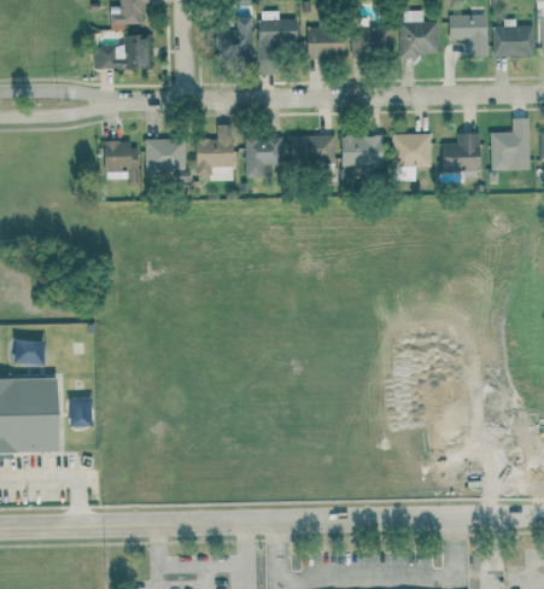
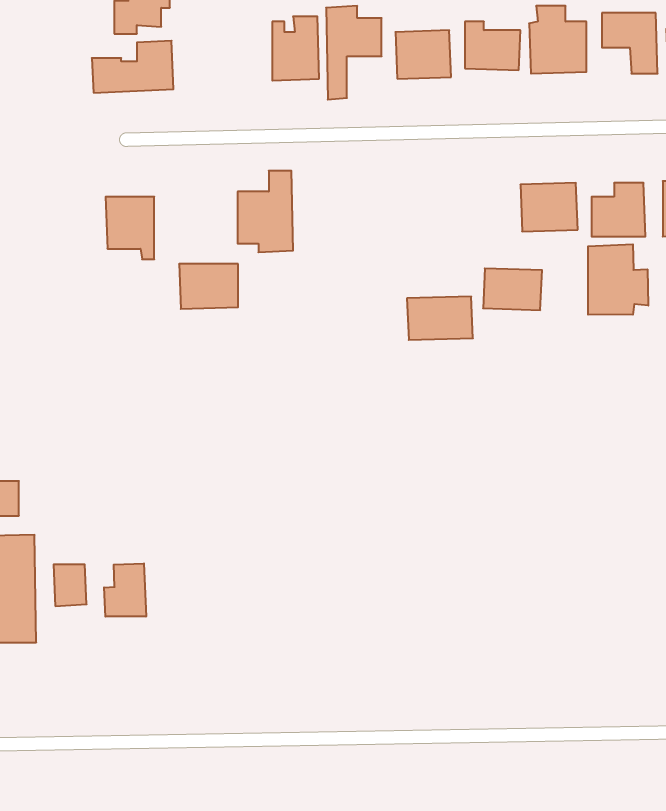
building: [291,134,337,164] -> [407,297,473,340]
building: [341,135,382,164] -> [483,268,542,310]
building: [246,136,283,175] -> none
building: [146,139,187,170] -> [179,264,238,309]
building: none -> [588,244,648,315]
building: none -> [104,563,146,617]

